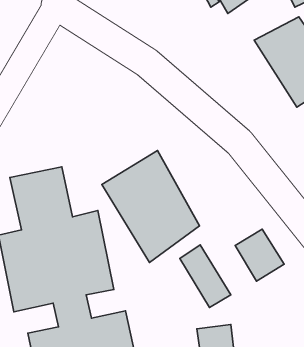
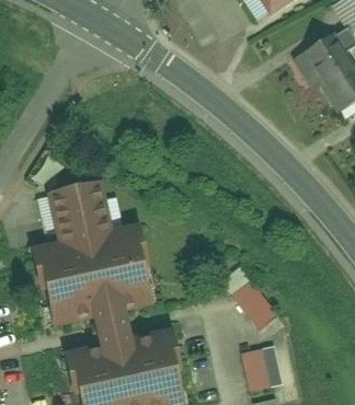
building: [102,151,200,262] -> none
building: [235,229,284,281] -> none

